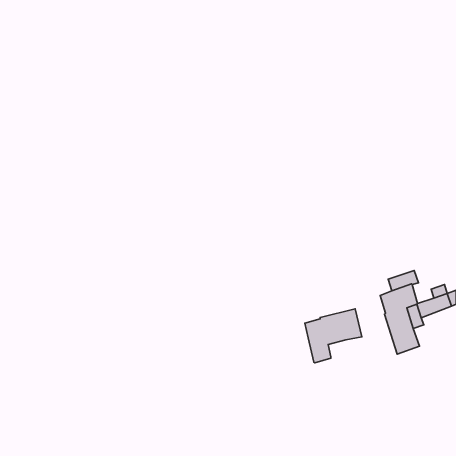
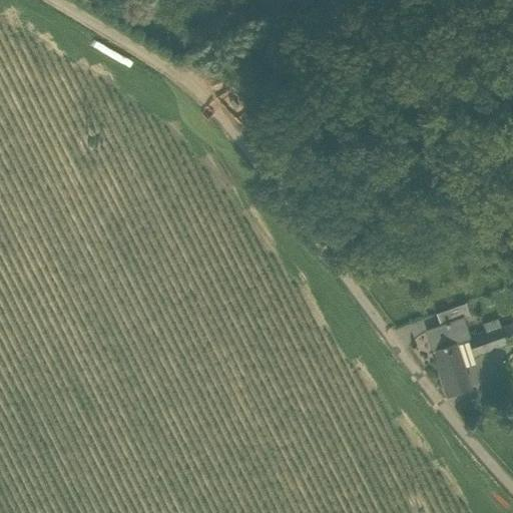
building: [305,309,362,363] -> none

